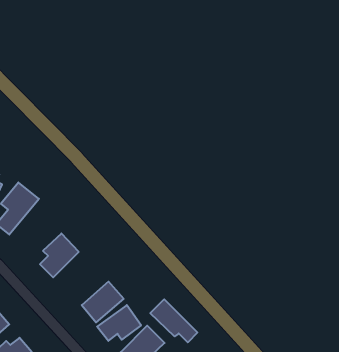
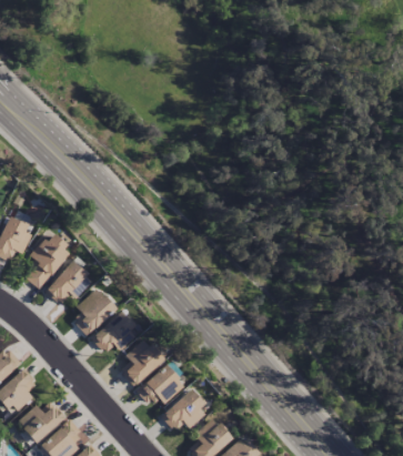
building: none -> [46,261,93,304]
building: none -> [91,311,135,353]
building: [150,299,197,342] -> none

